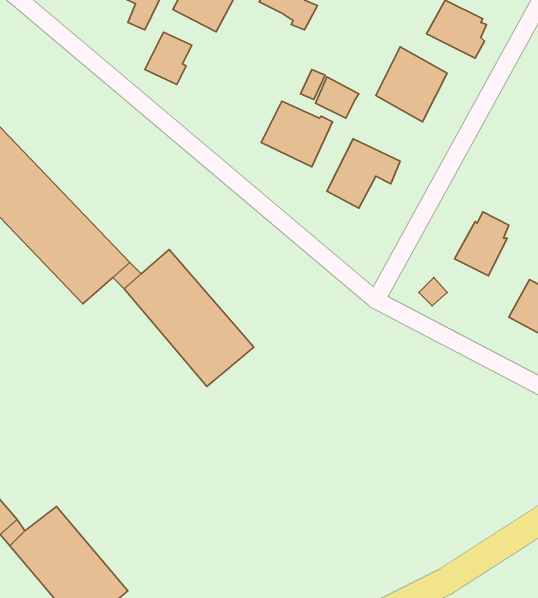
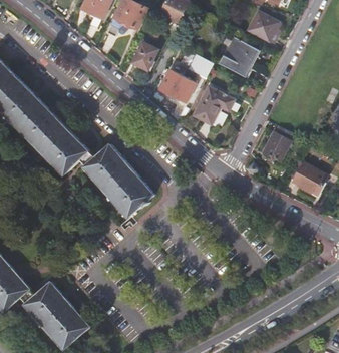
building: [145,32,192,85] -> [131,43,156,71]

